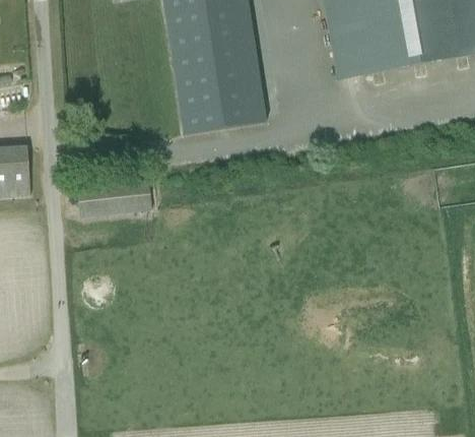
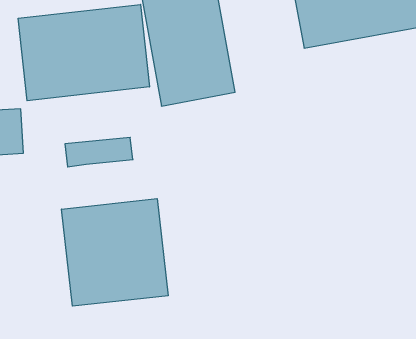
building: none -> [18,4,149,101]
building: none -> [62,199,168,306]

